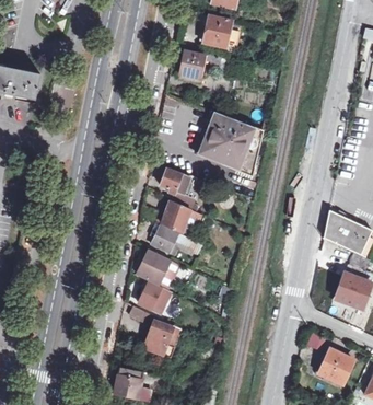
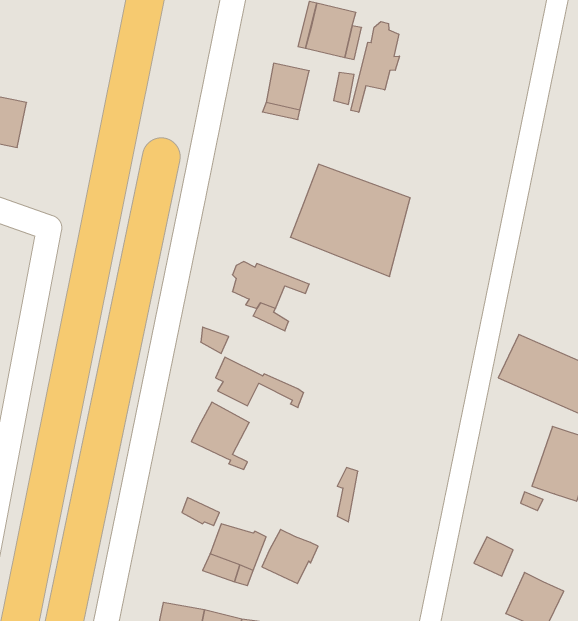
building: none -> [351,22,399,112]
building: [162,200,201,232] -> none
building: [139,281,172,313] -> [262,529,318,584]

